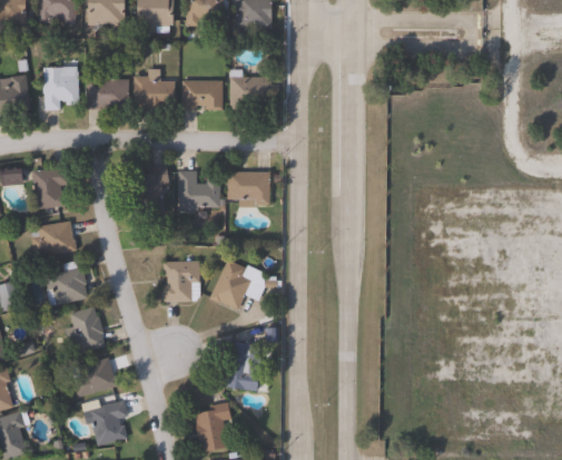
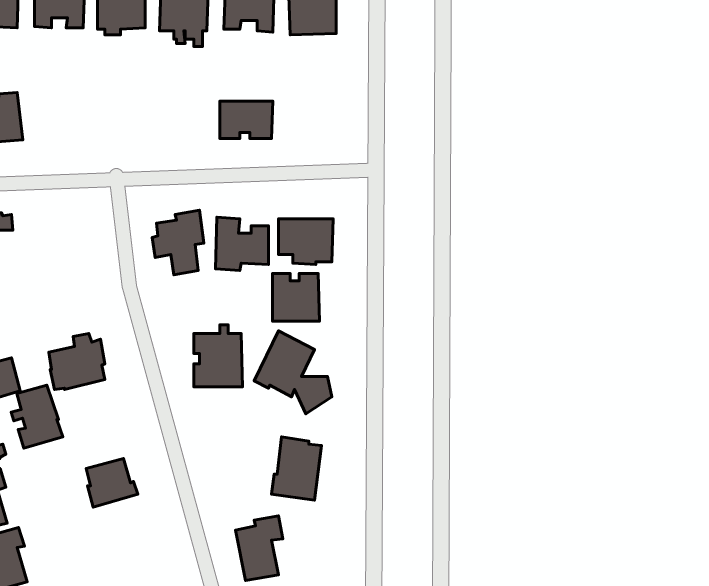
building: [41,66,78,109] -> none
building: [85,69,127,108] -> none
building: [132,69,174,108] -> none
building: [229,70,278,111] -> none
building: [30,167,67,209] -> none
building: none -> [272,274,319,321]
building: [34,221,80,257] -> none
building: [66,306,106,355] -> [11,385,63,448]
building: [92,400,132,446] -> none

